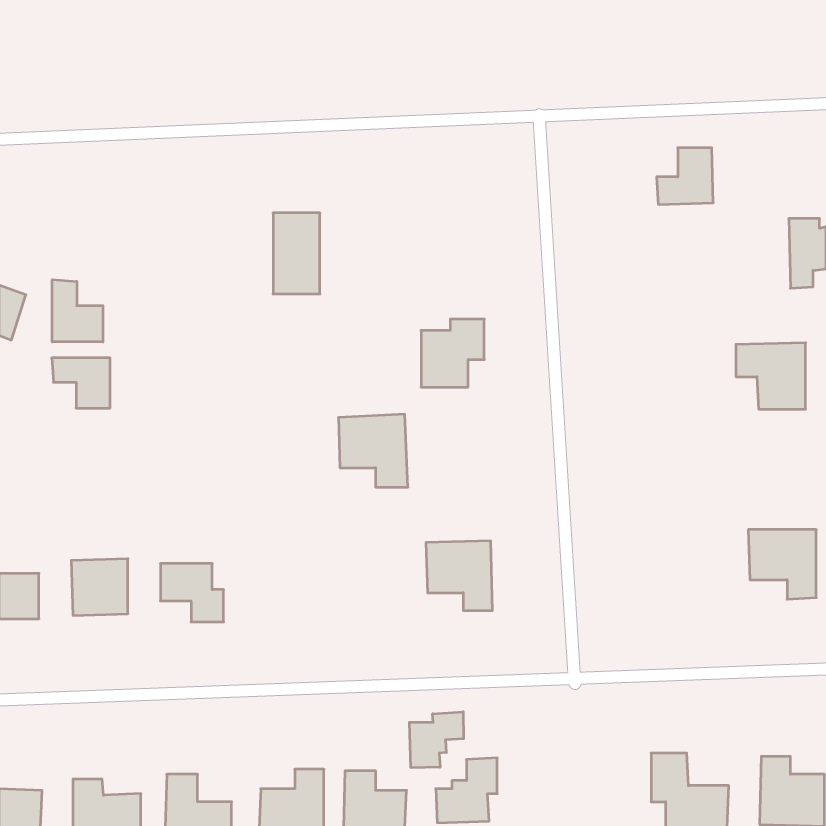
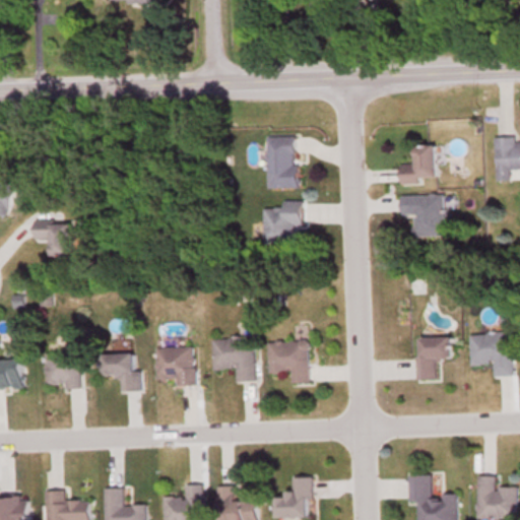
building: [657,148,713,204] -> [399,147,435,183]
building: [273,213,320,294] -> [267,137,297,188]
building: [52,280,103,342] -> none
building: [736,343,806,409] -> [400,195,444,237]
building: [338,414,408,487] -> [212,336,256,382]
building: none -> [417,338,451,380]
building: none -> [155,347,194,384]
building: [409,712,464,768] -> none

